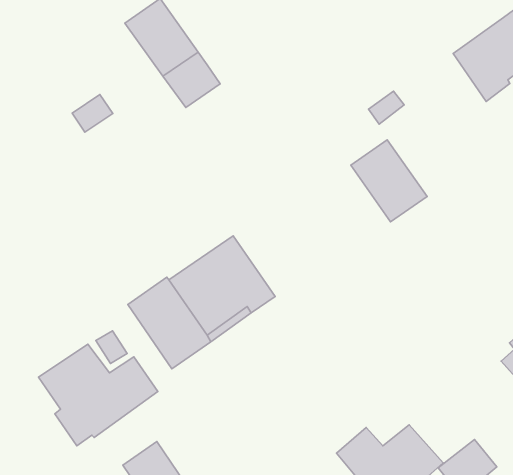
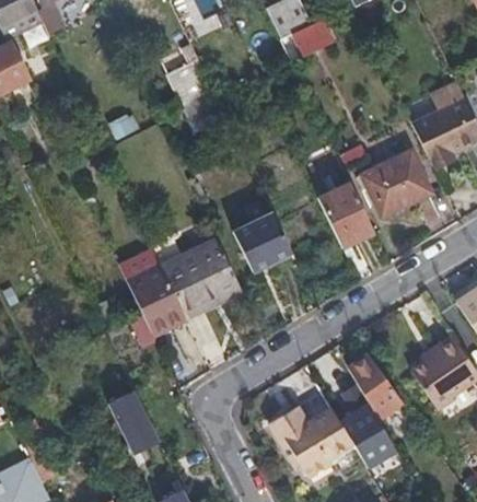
building: none -> [361,150,431,217]
building: none -> [233,212,292,271]
building: [39,344,158,446] -> none
building: none -> [348,352,403,419]

